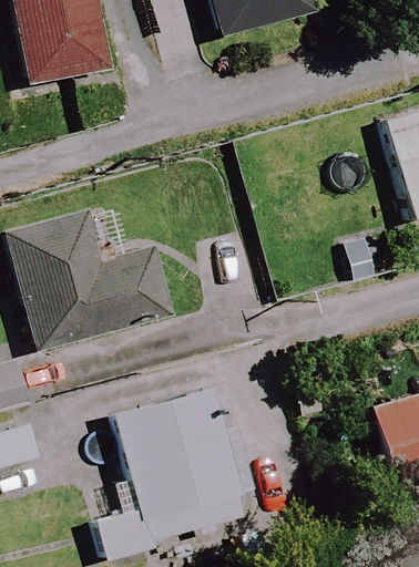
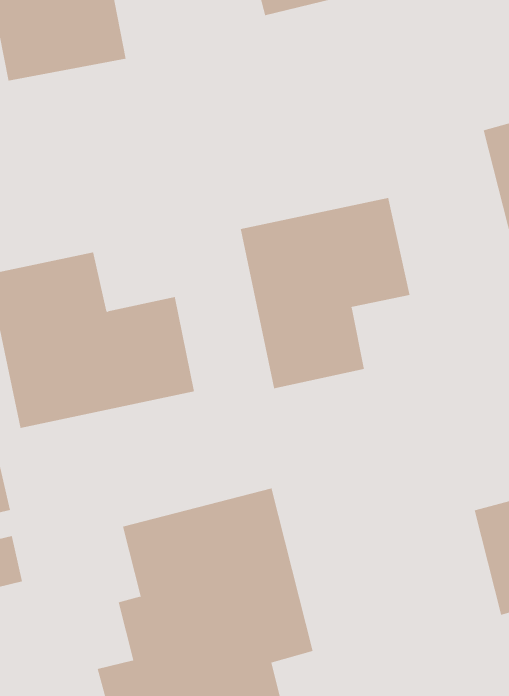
building: none -> [240,197,410,389]

